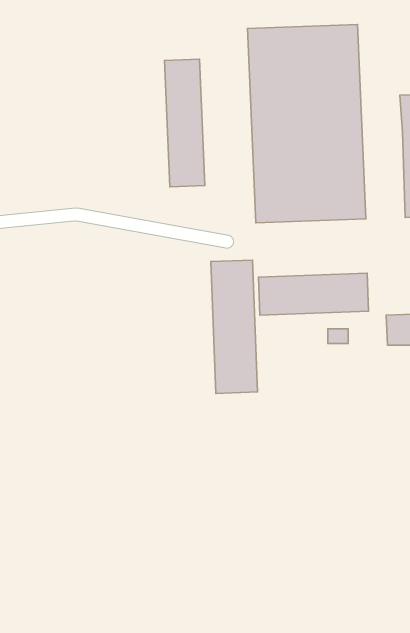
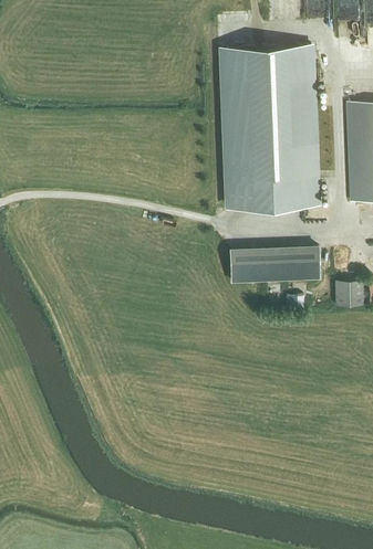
building: [165,59,205,187] -> none
building: [211,260,257,394] -> none

